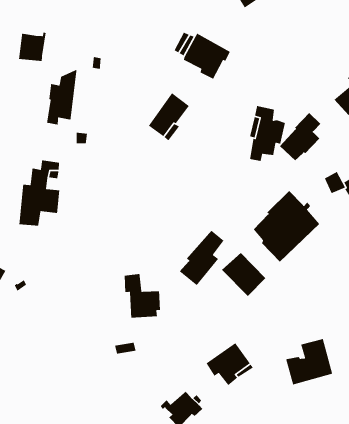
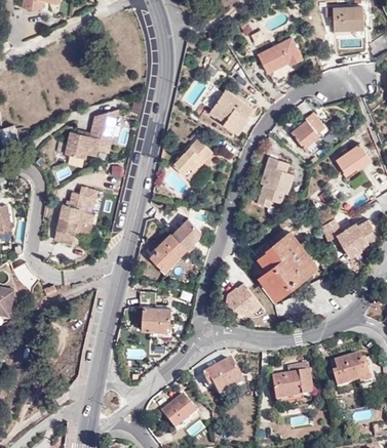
building: [18,32,47,62] -> [65,132,91,159]
building: [279,112,321,161] -> [291,107,328,148]
building: [179,230,224,286] -> [150,223,192,271]

